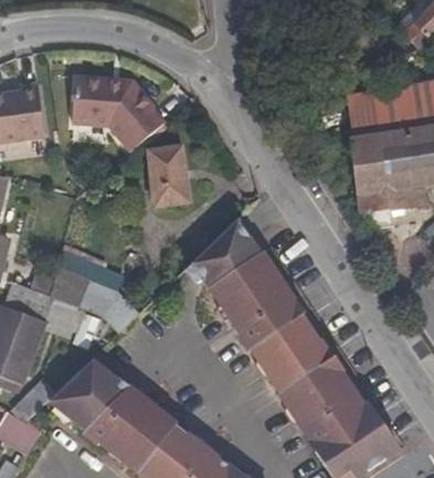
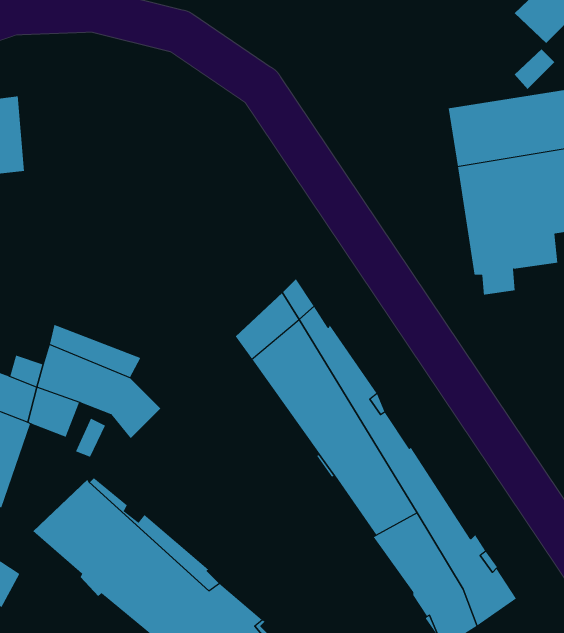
building: [67,66,165,151] -> none
building: [147,144,191,206] -> none

